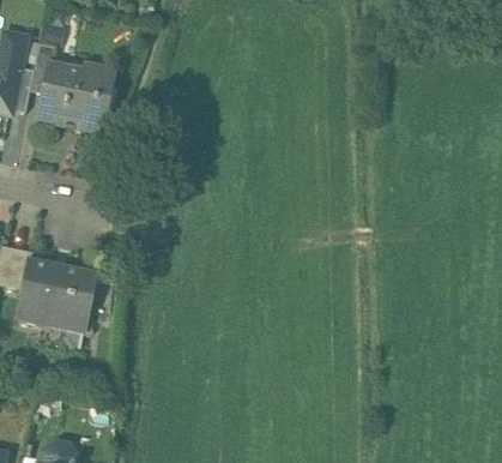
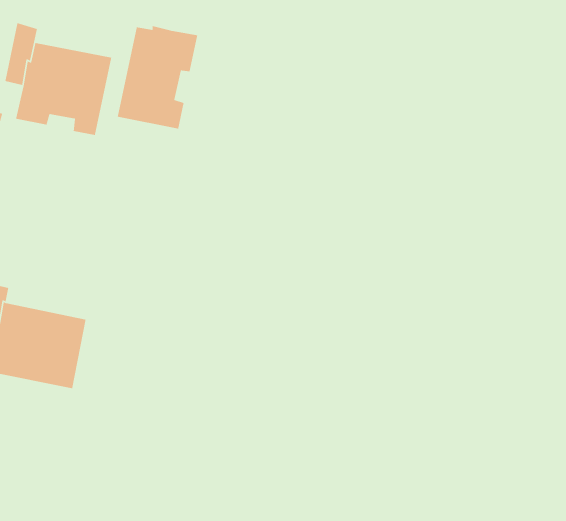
building: none -> [117,25,198,129]

